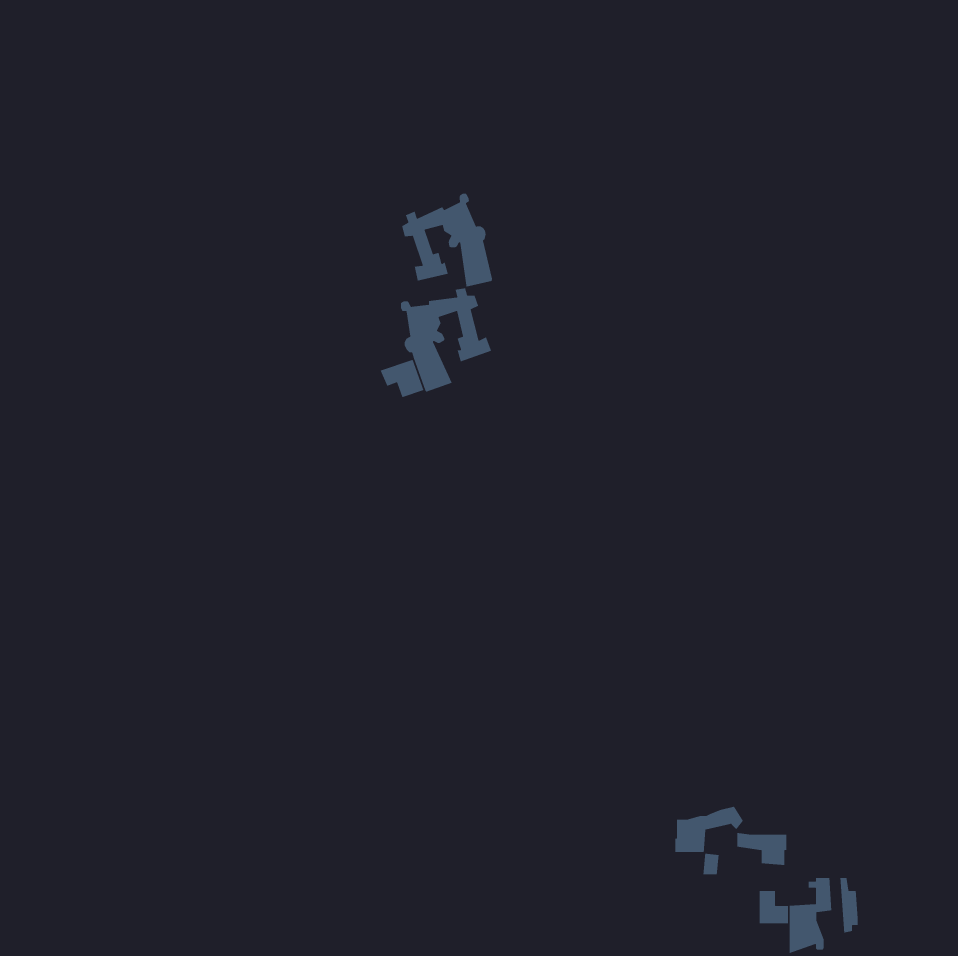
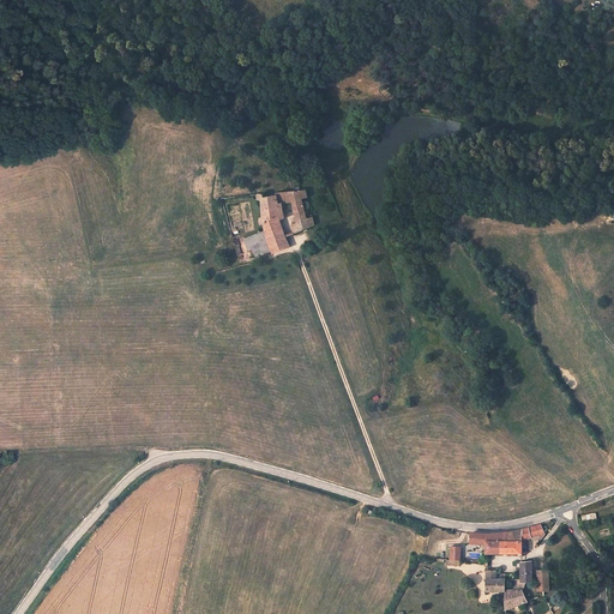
building: [401,193,493,287] -> none
building: [674,806,744,853] -> [501,525,546,555]

